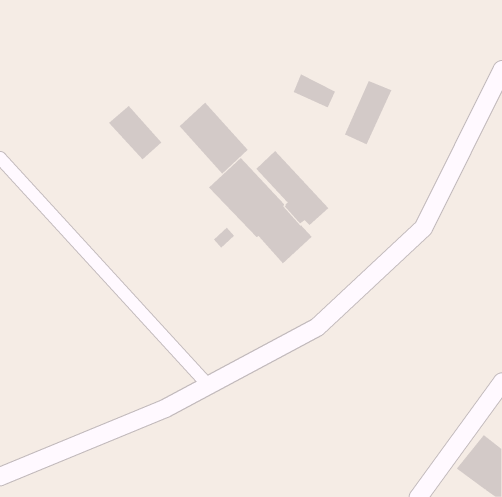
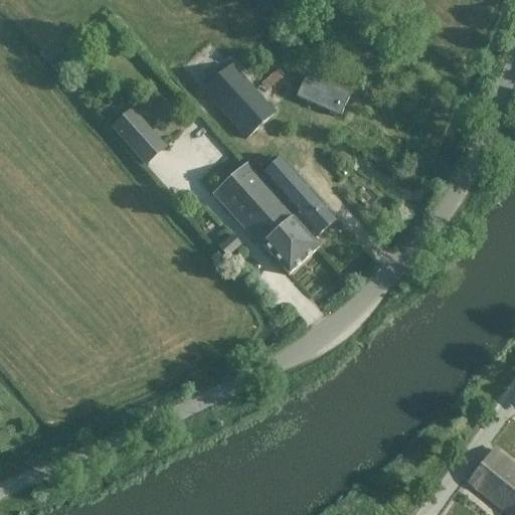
building: [344,80,392,145] -> none
building: [179,102,249,174] -> [203,61,275,136]

